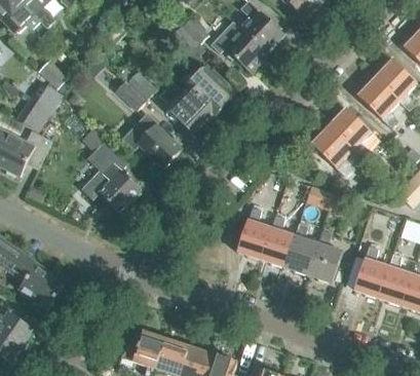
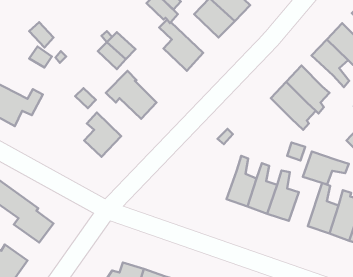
building: [169,79,213,129] -> none
building: [17,99,53,133] -> none
building: [236,201,276,259] -> none
building: none -> [303,151,349,184]

